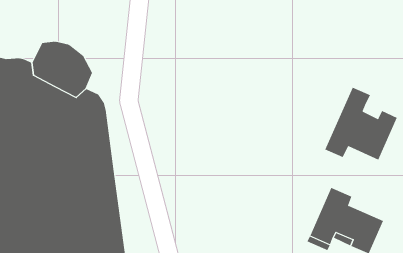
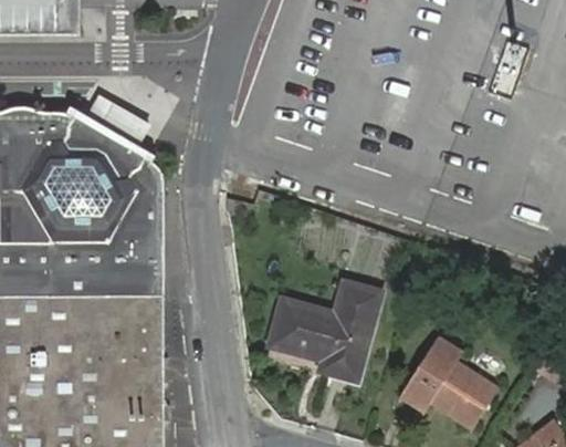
building: [324,87,398,160] -> none
building: none -> [268,284,378,382]

